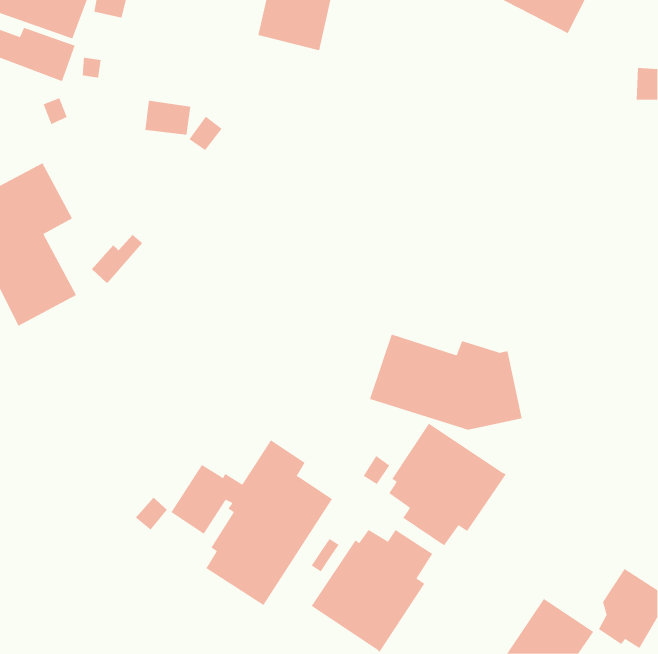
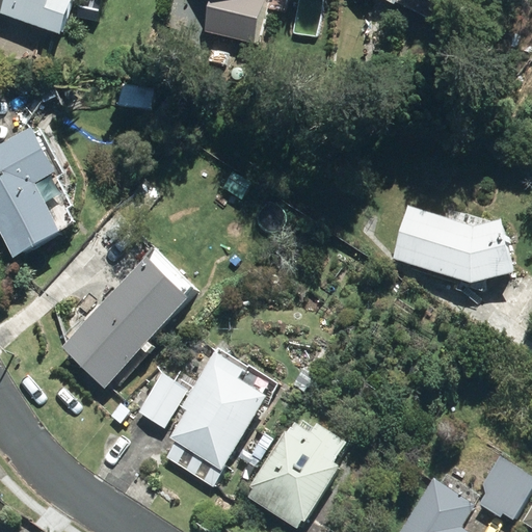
building: none -> [62,248,193,387]
building: [369,334,522,430] -> [390,206,512,283]
building: [389,423,506,546] -> none

